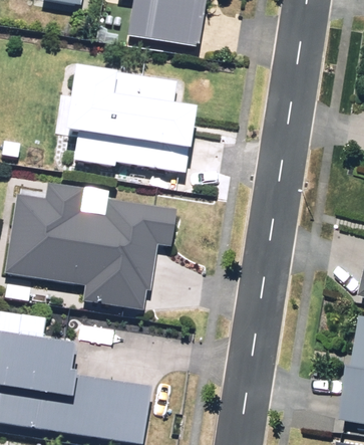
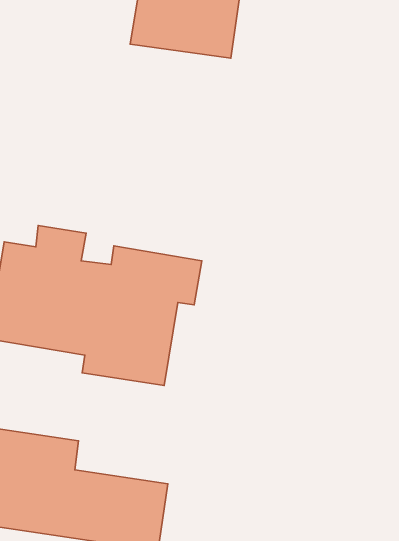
building: [63,70,198,174] -> none

